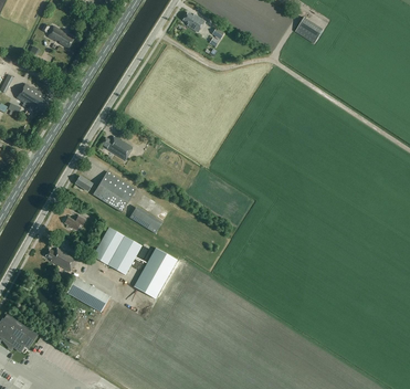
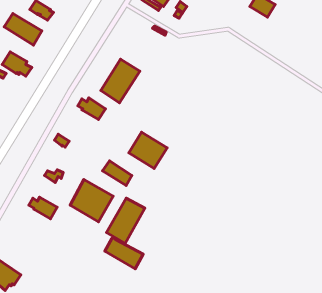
building: none -> [4,13,42,45]
building: none -> [101,59,140,103]
building: [92,171,135,212] -> [129,132,167,168]
building: [66,276,109,312] -> [105,238,143,269]

